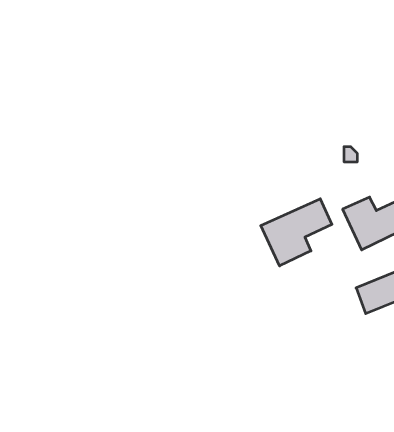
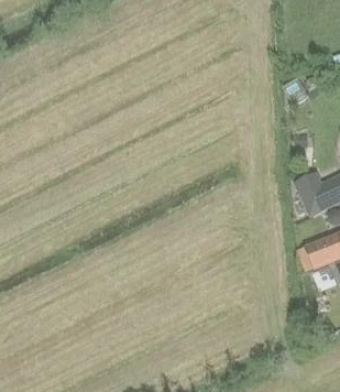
building: [261,199,332,266] -> none

